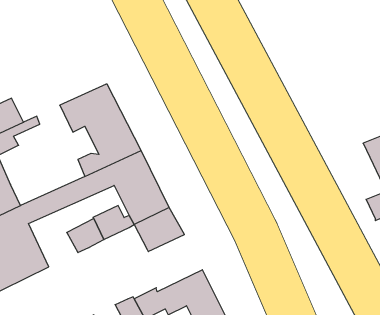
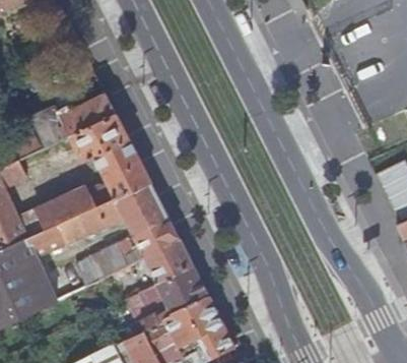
building: none -> [29,94,115,147]
building: none -> [18,187,93,238]
building: none -> [134,267,212,332]

